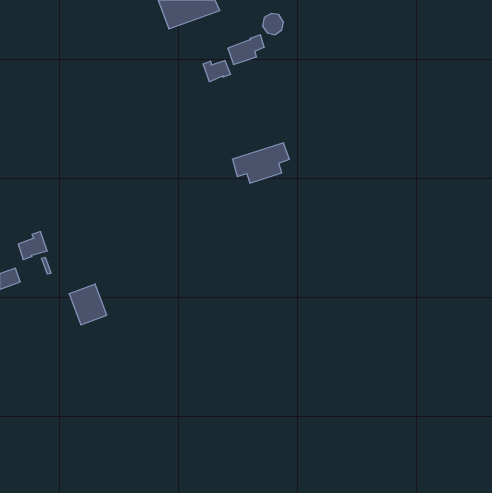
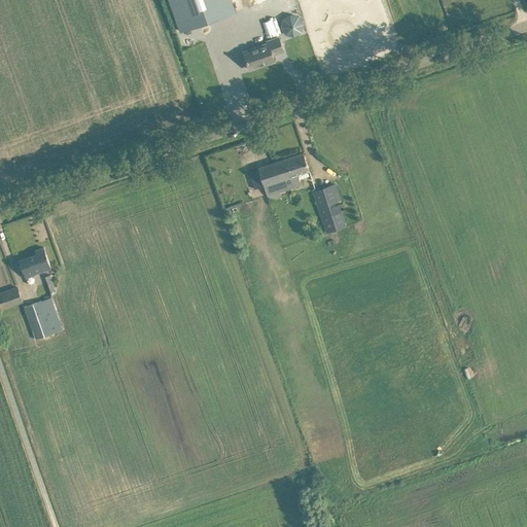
building: [203,60,230,82] -> none
building: none -> [313,184,345,233]
building: [69,284,107,325] -> [23,296,63,340]

